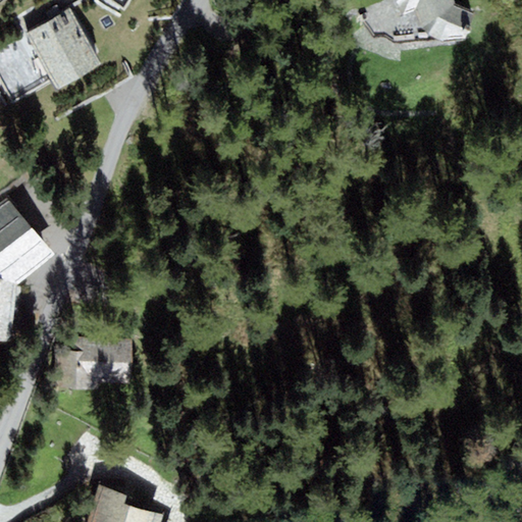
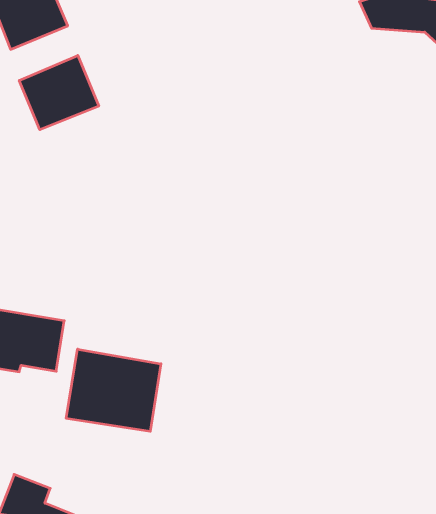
building: none -> [19,55,99,130]
building: none -> [66,349,161,431]

